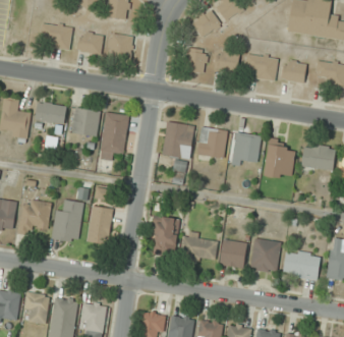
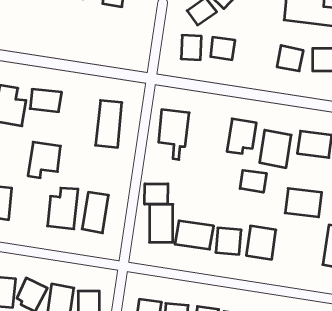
building: [40,21,72,50] -> none
building: [77,32,103,54] -> none
building: [106,32,134,59] -> none
building: [244,52,279,80] -> none
building: [72,107,100,135] -> none
building: [197,127,226,158] -> none
building: none -> [240,170,266,192]
building: none -> [145,184,168,204]
building: [18,199,51,234] -> [28,142,61,178]
building: [283,250,320,279] -> [285,188,322,217]

